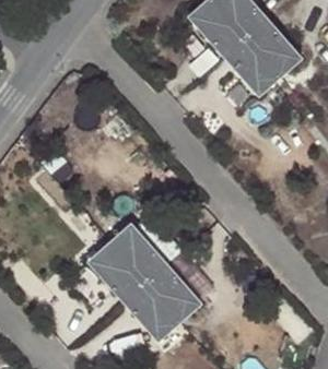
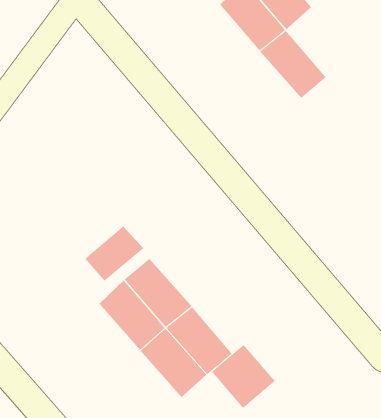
building: [245,21,298,78] -> none
building: none -> [84,225,144,281]
building: none -> [211,344,276,409]

